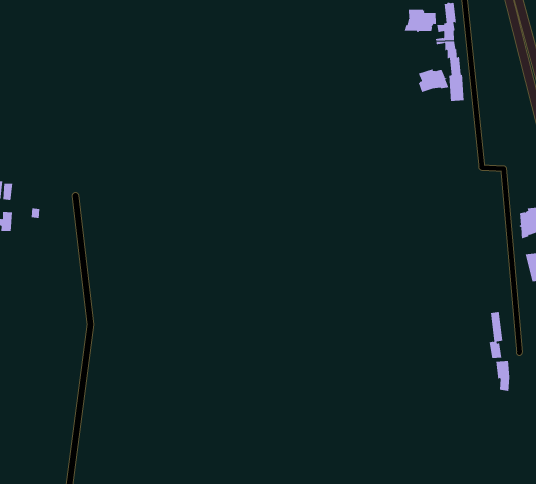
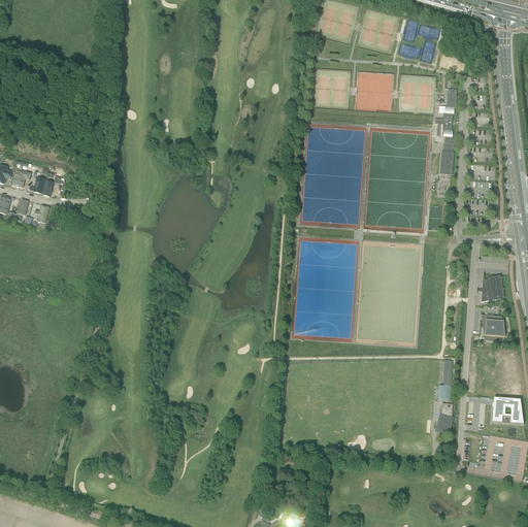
building: [404,9,436,33] -> none
building: [418,69,449,93] -> none

